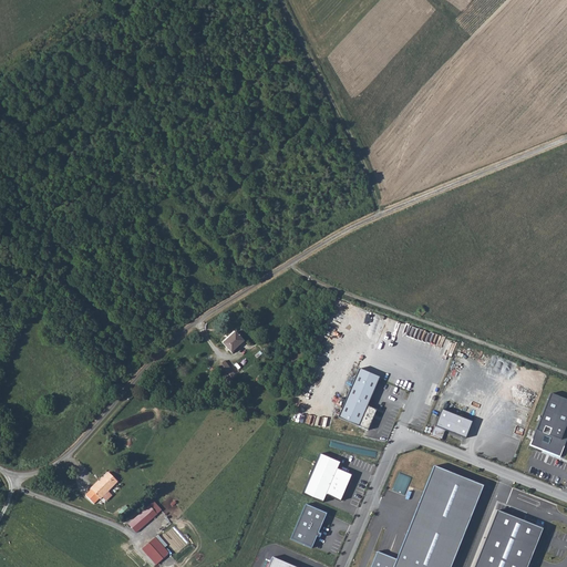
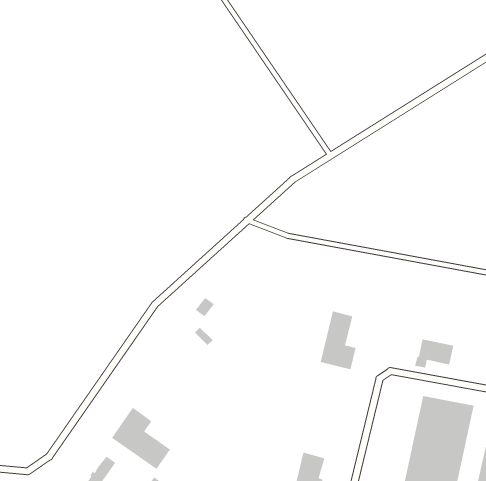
building: none -> [111,407,171,470]
building: [303,453,352,501] -> none

